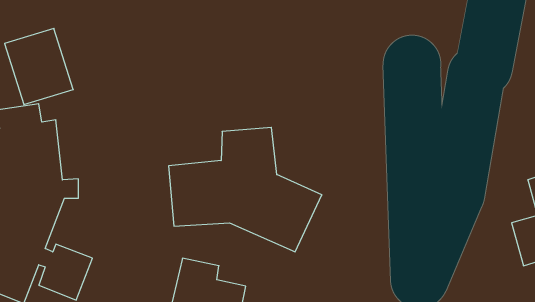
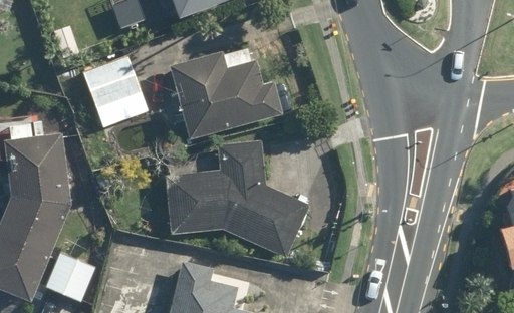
building: [5,28,73,105] -> [85,56,150,127]
building: none -> [169,53,283,141]

